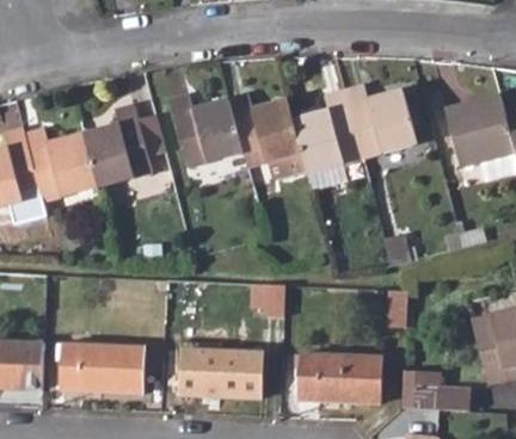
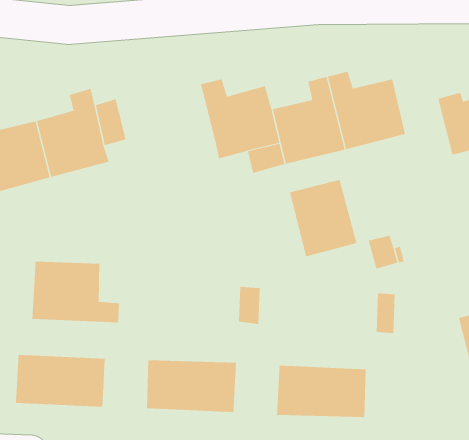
building: [172,94,242,165] -> none
building: none -> [289,179,357,257]
building: none -> [32,261,119,323]
building: [401,375,466,414] -> none

